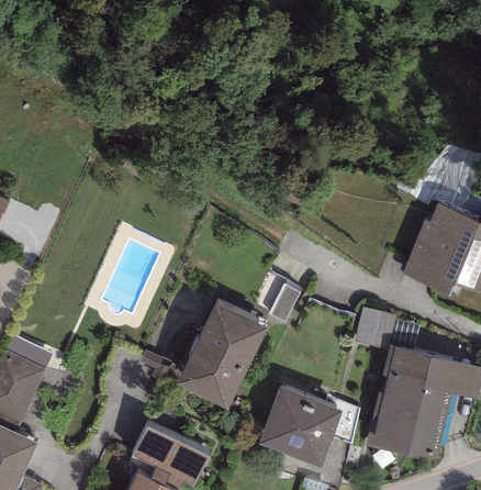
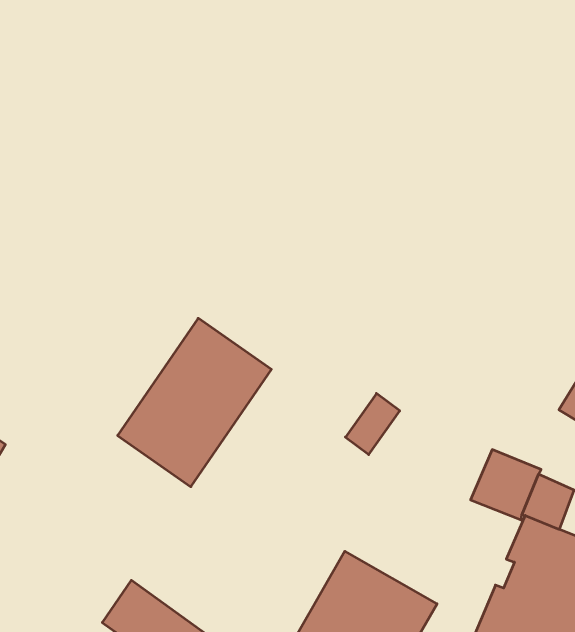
building: [176,301,267,409] -> [118,318,271,487]

